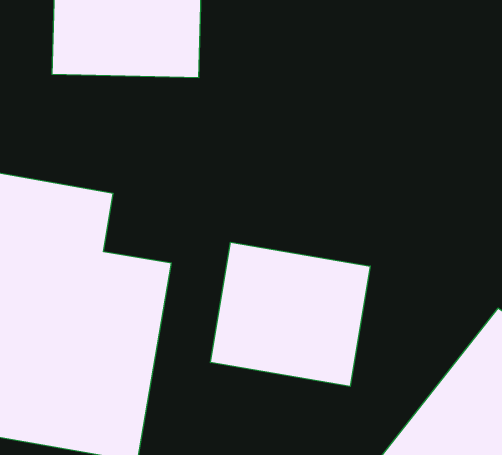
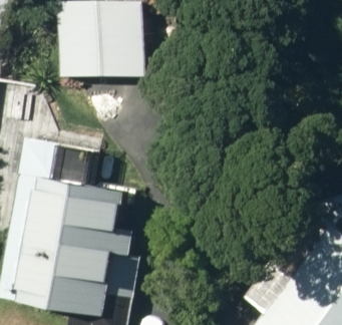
building: [210,242,370,386] -> none

